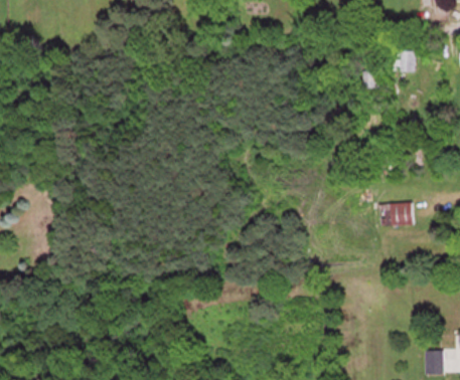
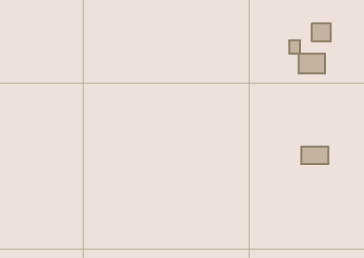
building: none -> [299,54,325,74]

